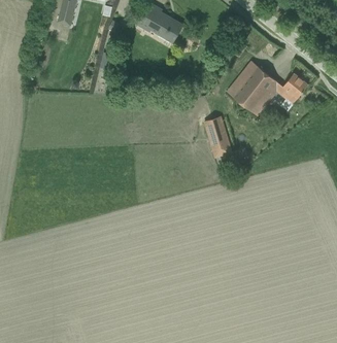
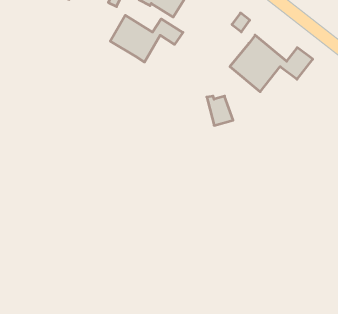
building: none -> [110,15,183,62]

